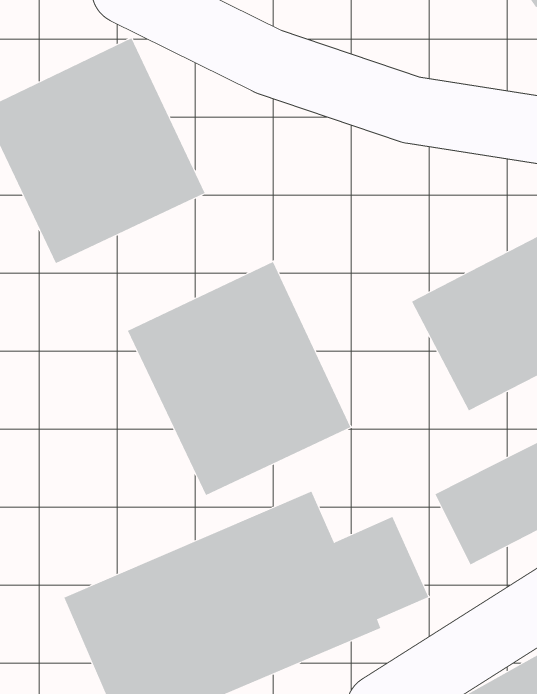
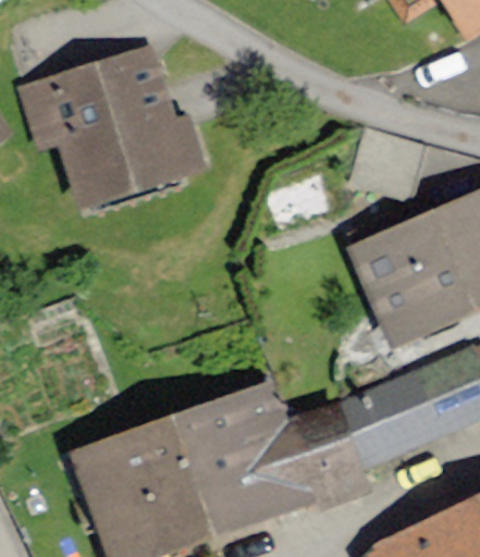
building: [127,261,351,496] -> none

